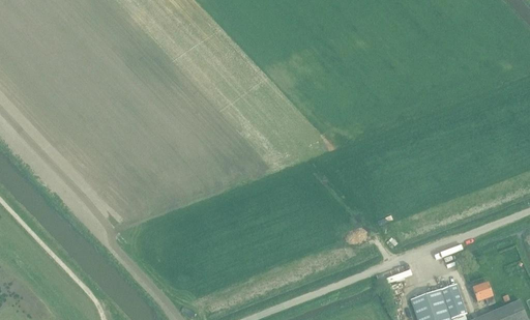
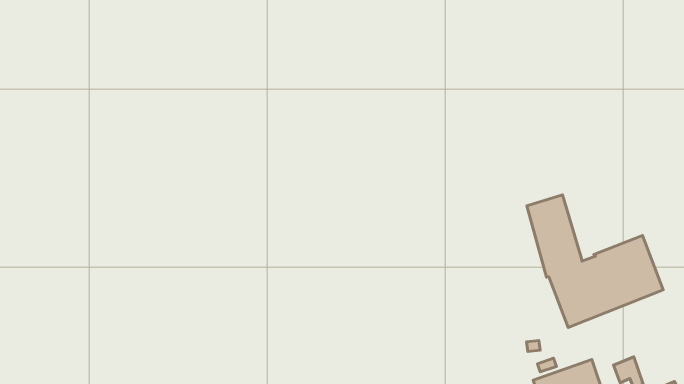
building: none -> [527,195,663,327]

